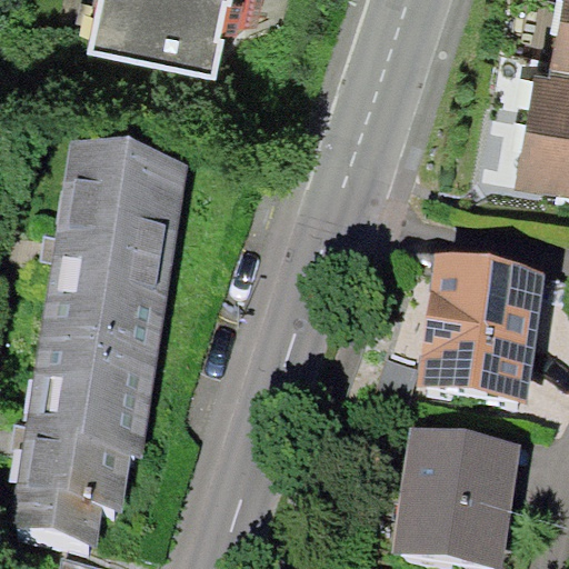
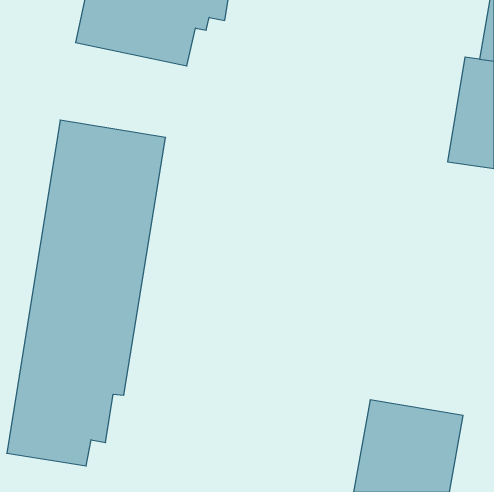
building: [417,251,545,396] -> none

